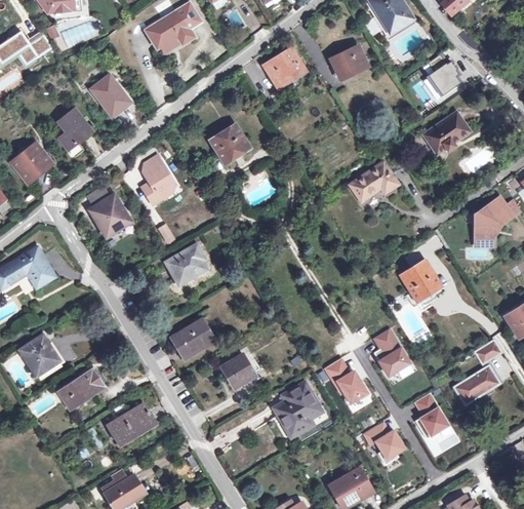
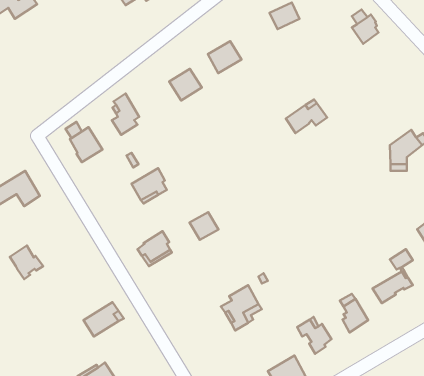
building: [265,48,305,86] -> [208,41,241,73]
building: [91,75,130,116] -> none
building: [59,110,92,150] -> none
building: [424,112,471,154] -> none
building: [12,143,51,183] -> none
building: [400,260,444,305] -> none
building: [373,328,409,376] -> none
building: [220,353,255,386] -> [189,212,219,240]
building: [325,358,367,402] -> none
building: [61,368,105,407] -> none

